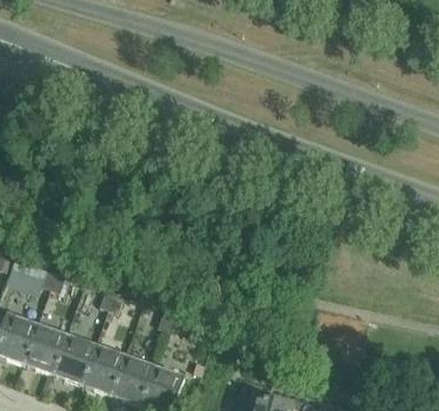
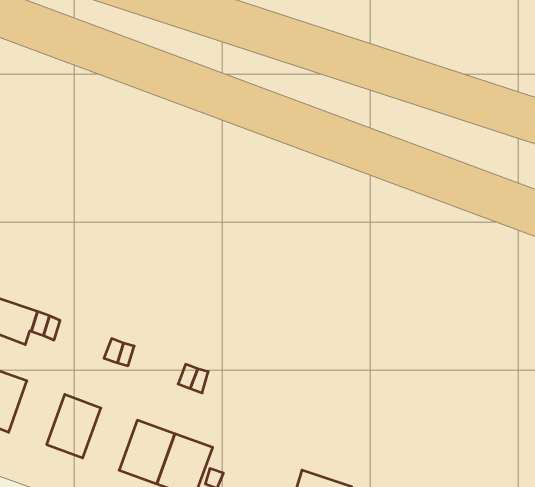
building: [24,323,68,373] -> none
building: [82,344,125,393] -> none

